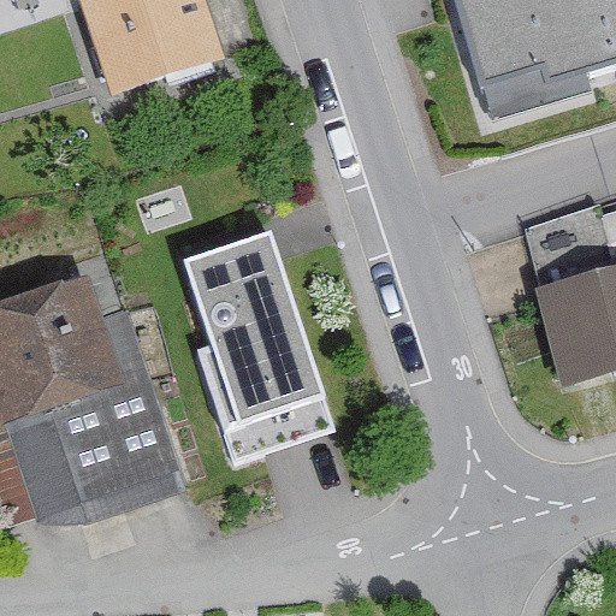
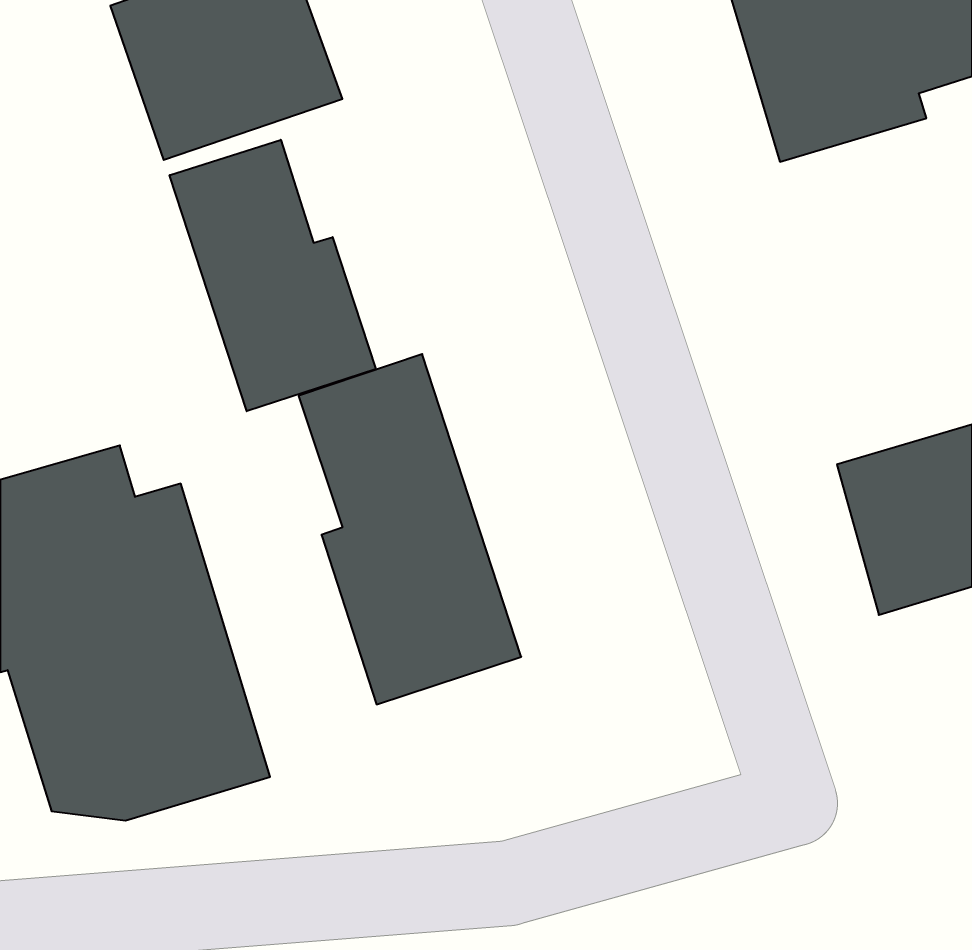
building: none -> [170,140,376,411]

